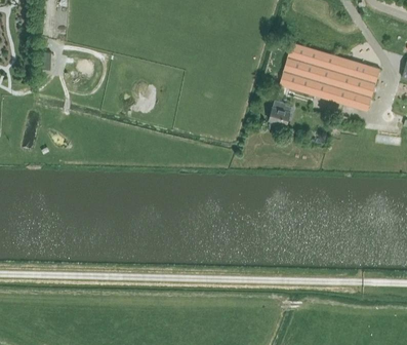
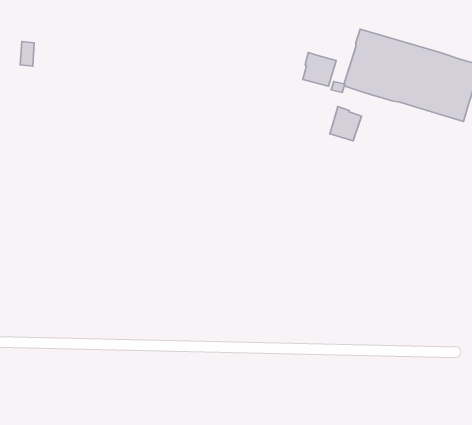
building: none -> [303,52,336,86]

